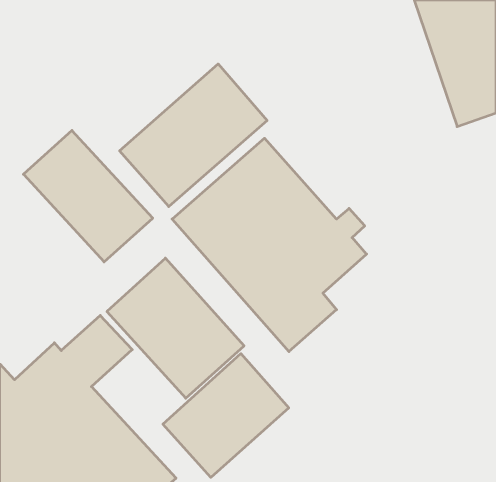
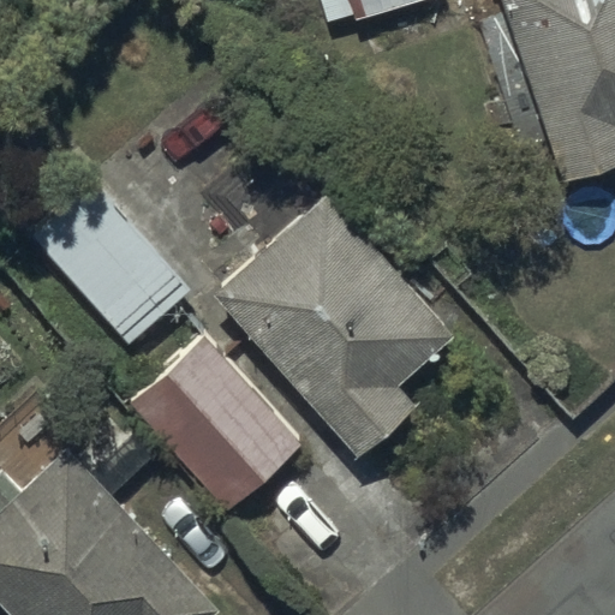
building: [120,64,267,207] -> none
building: [163,354,289,477] -> none

